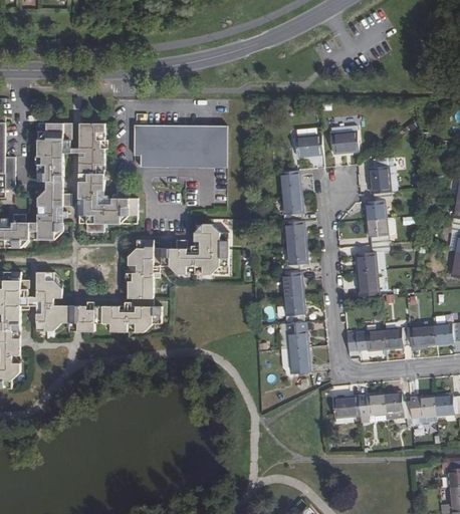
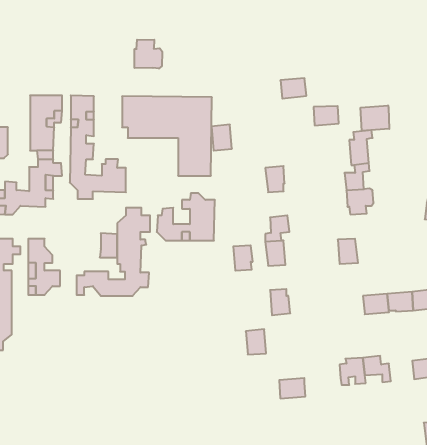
building: none -> [135,40,162,69]
building: none -> [361,105,389,131]
building: [296,136,323,157] -> [280,78,306,99]
building: [280,171,301,198] -> [212,125,232,151]
building: [285,221,305,249] -> none
building: [356,245,388,272] -> none
building: [285,298,305,324] -> [233,245,253,271]
building: [68,304,86,329] -> [100,233,117,257]
building: [359,330,386,351] -> none
building: [289,348,310,374] -> [246,329,266,354]
building: [333,397,361,418] -> [279,378,305,398]
building: [411,398,437,419] -> none

